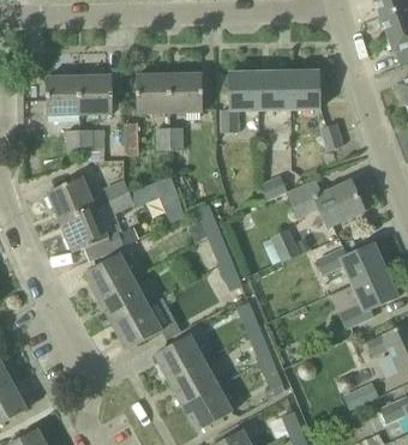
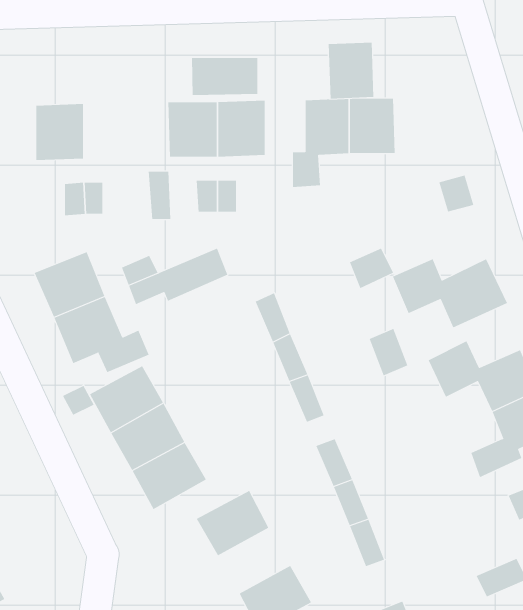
building: none -> [191,57,258,96]
building: [288,71,319,109] -> [328,42,374,99]
building: [79,76,112,113] -> none
building: [169,361,218,405] -> none

